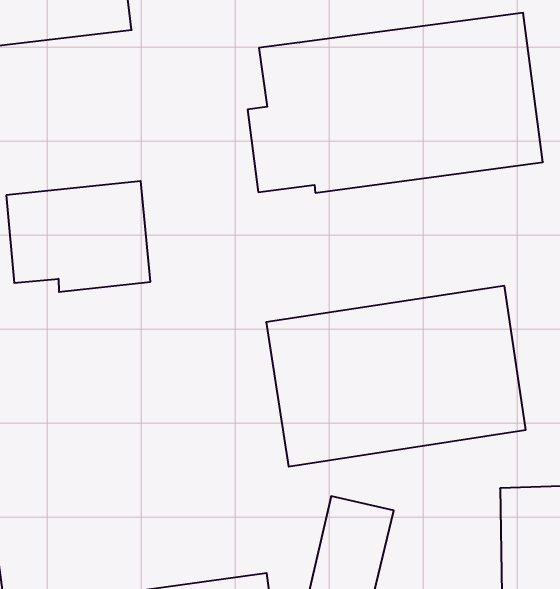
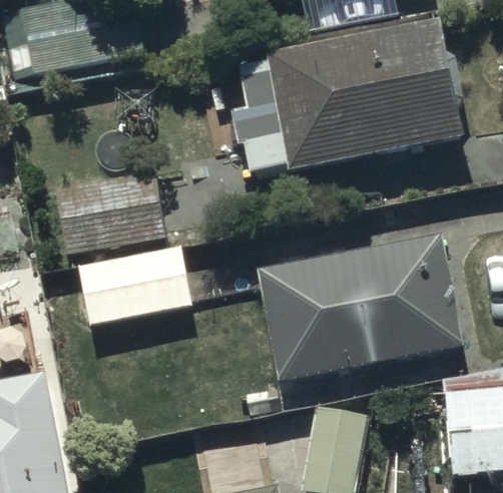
building: none -> [79,244,192,320]

